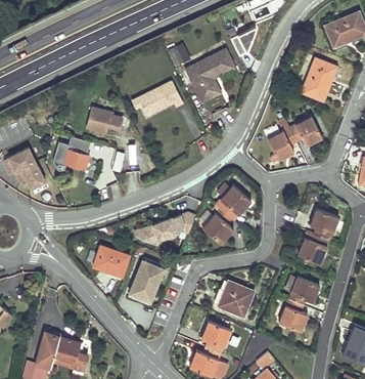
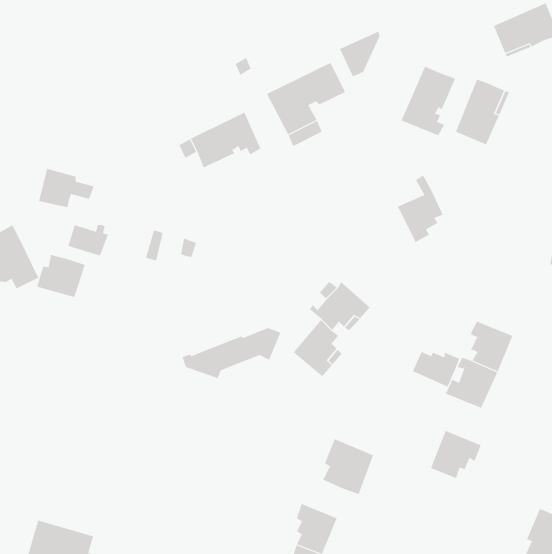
building: none -> [401,66,456,136]
building: [88,108,123,132] -> [38,168,95,208]
building: [288,117,322,143] -> none
building: none -> [37,254,85,298]
building: none -> [412,351,460,388]
building: [93,246,130,279] -> none
building: [129,260,164,302] -> none
building: [278,300,304,332] -> none

